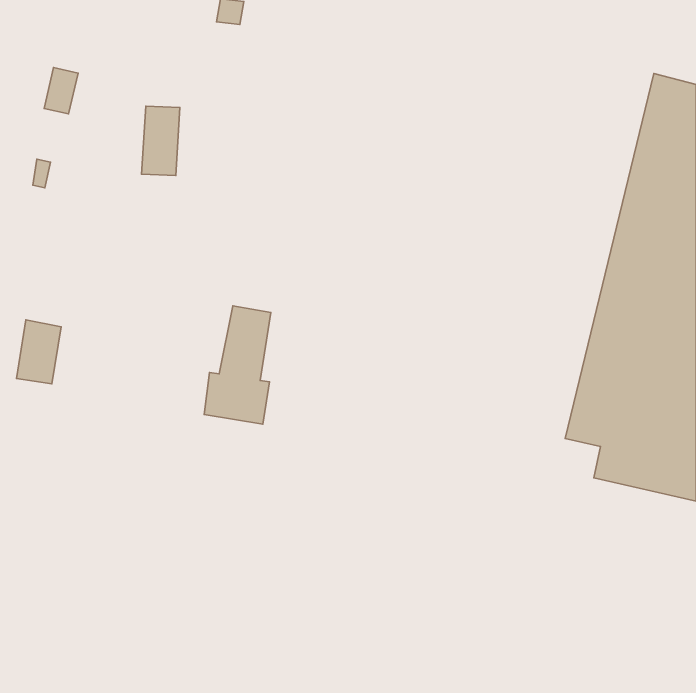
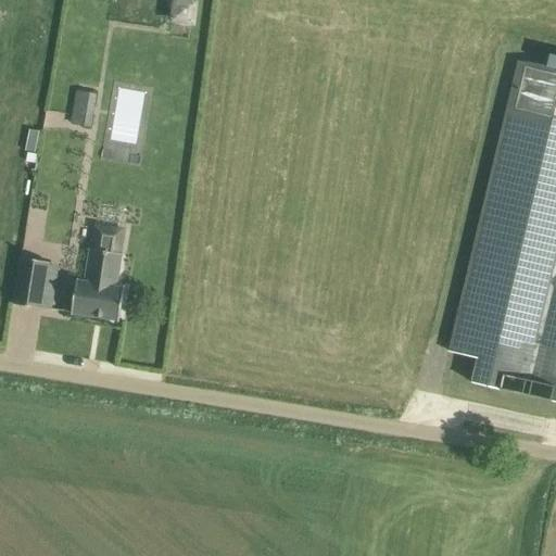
building: [44,68,78,114] -> [68,87,96,124]
building: [204,306,271,424] -> [73,225,126,319]

